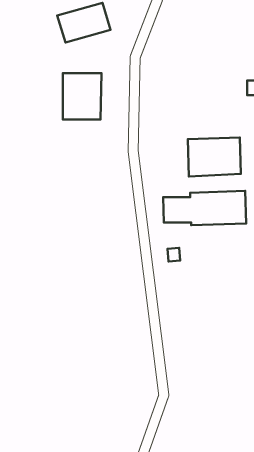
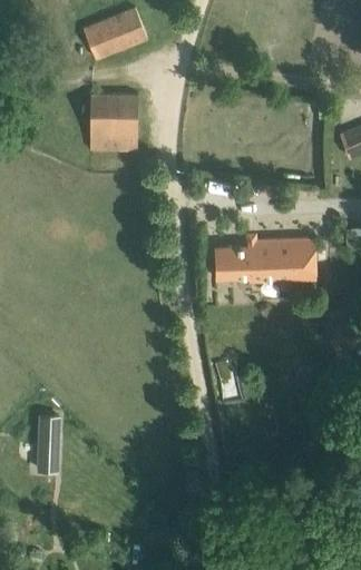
building: [188,138,241,176] -> none
building: none -> [37,417,60,473]

